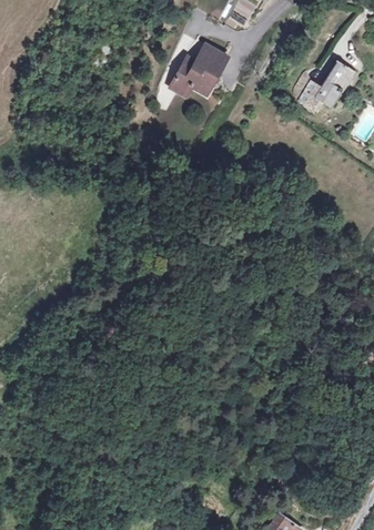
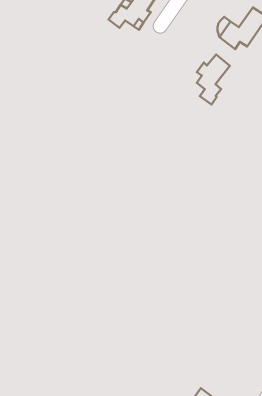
building: none -> [197,54,230,104]

